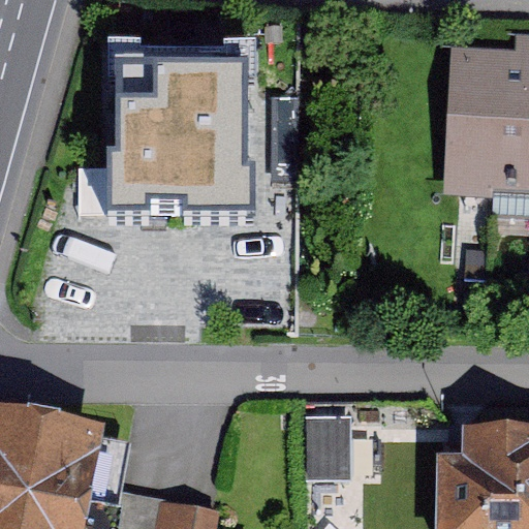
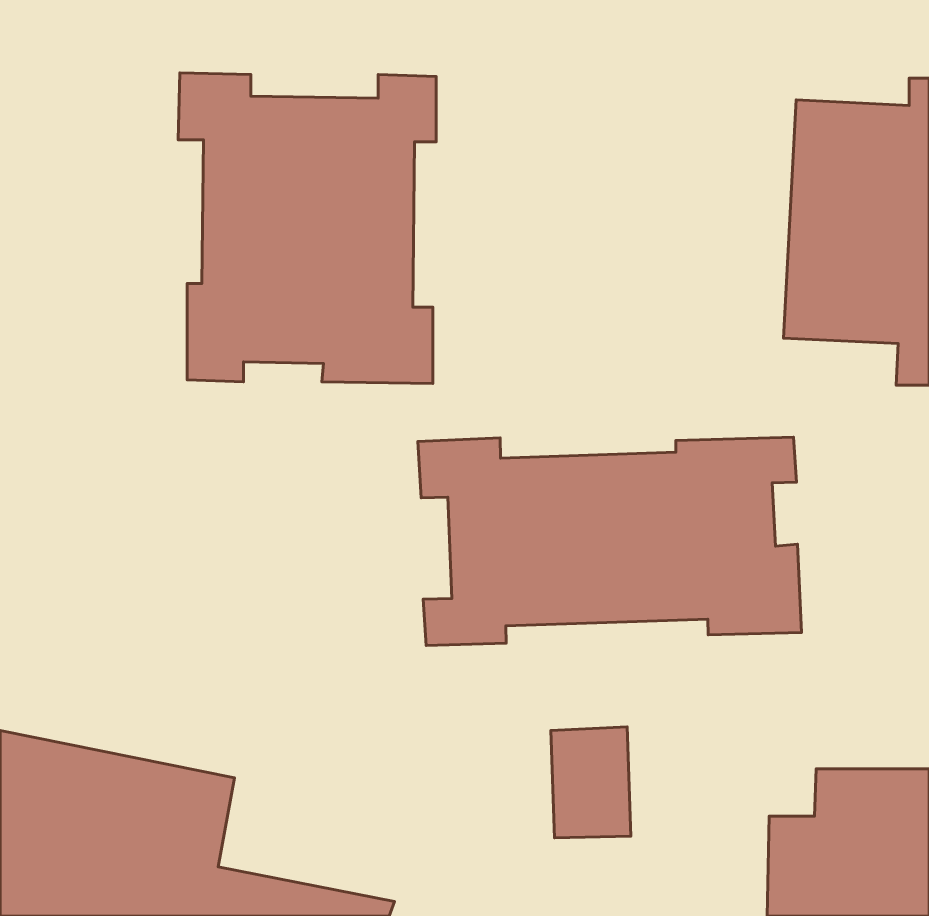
building: none -> [418,437,802,645]

